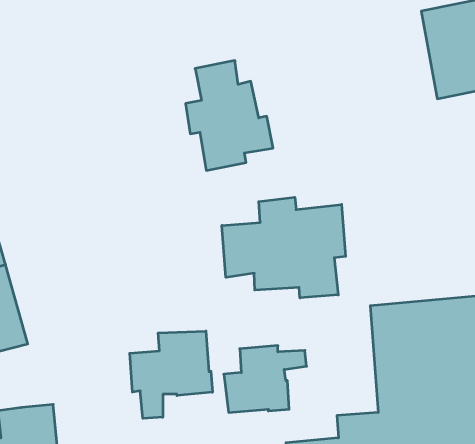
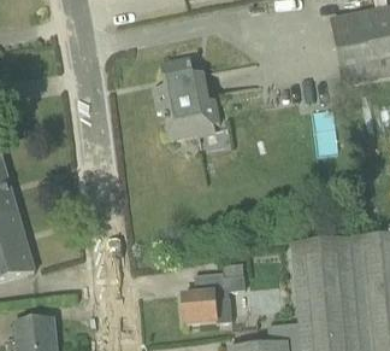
building: [222,197,346,298] -> none
building: [130,331,212,418] -> none

